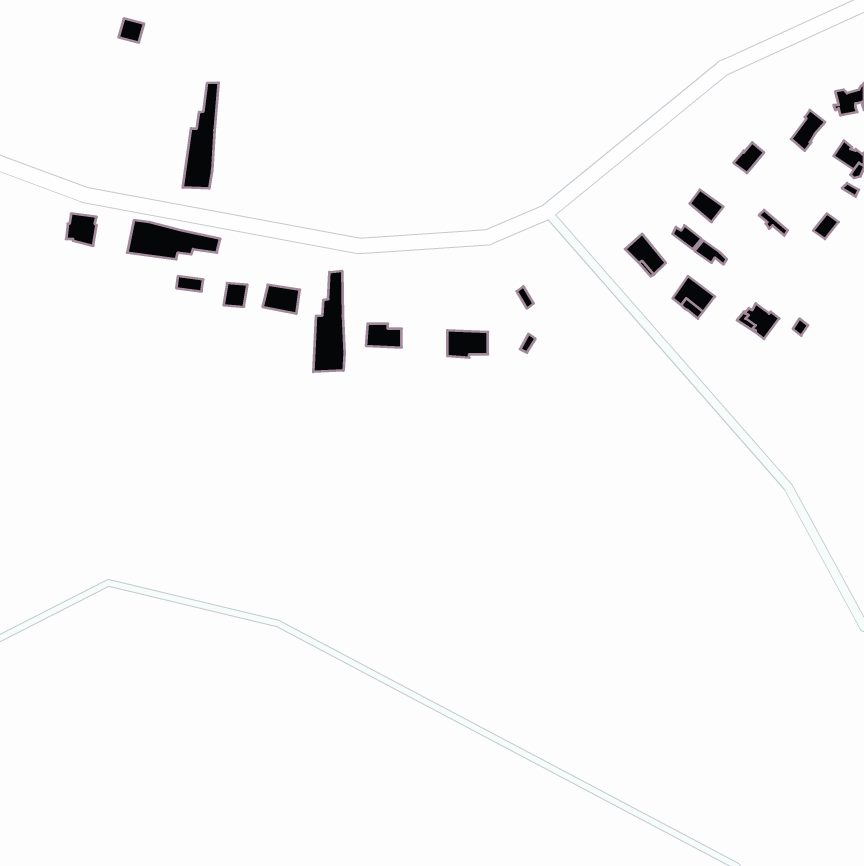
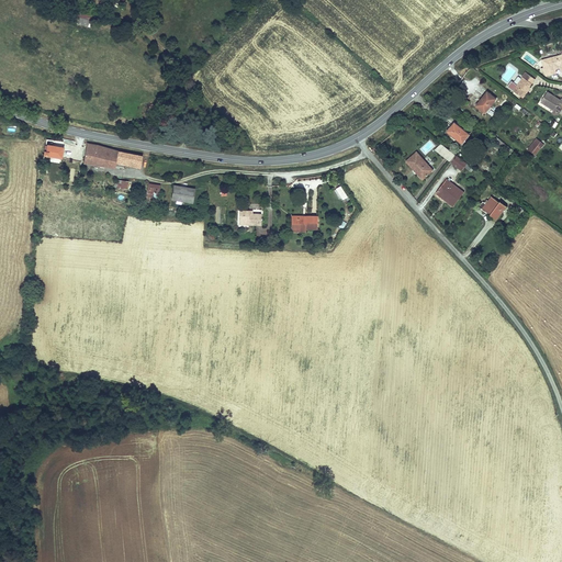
building: [183,83,219,188] -> none
building: [313,271,345,372] -> none

